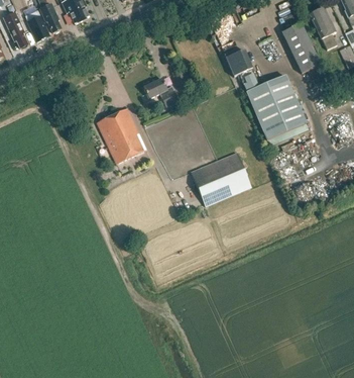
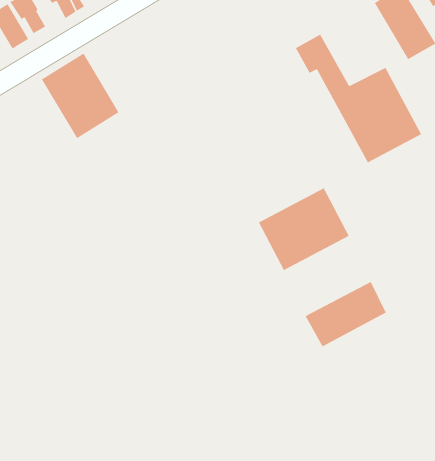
building: [143,78,179,106] -> none
building: [96,107,146,165] -> [41,52,120,139]
building: none -> [304,281,387,347]

